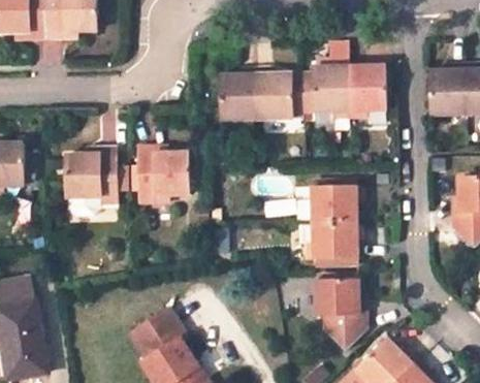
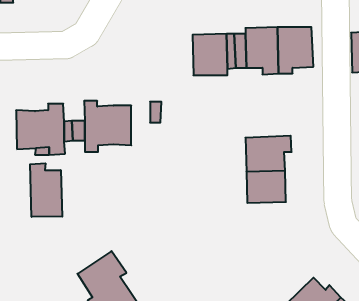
building: [221,73,257,119] -> none
building: none -> [30,163,62,217]
building: [317,278,365,350] -> none

